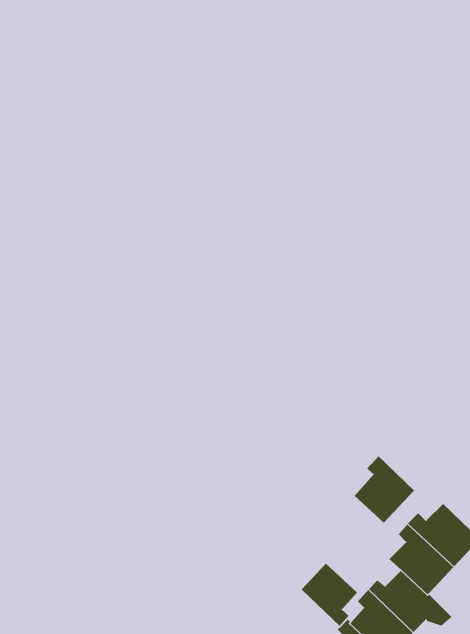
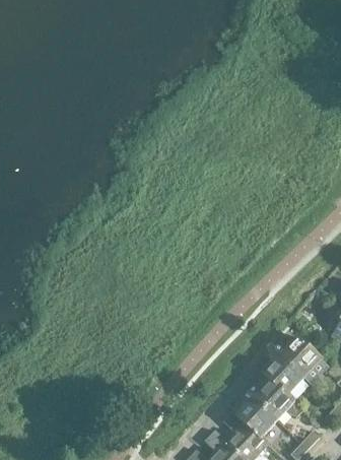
building: [354,456,415,523] -> none
building: [301,563,358,627] -> none

